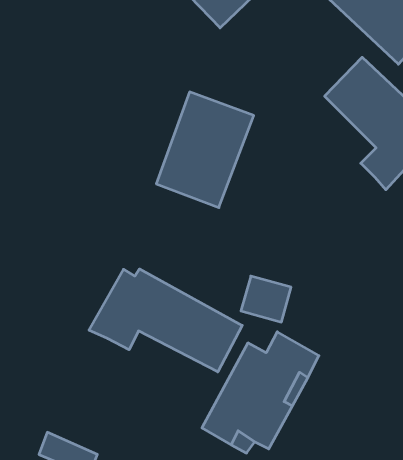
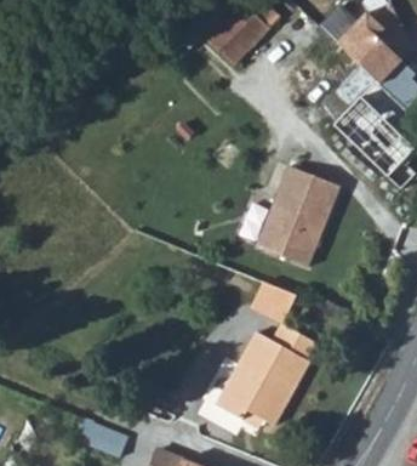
building: [156,92,254,208] -> [256,166,341,267]
building: [89,269,242,372] -> none

